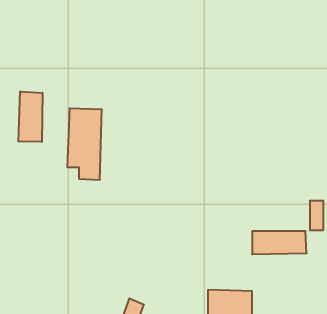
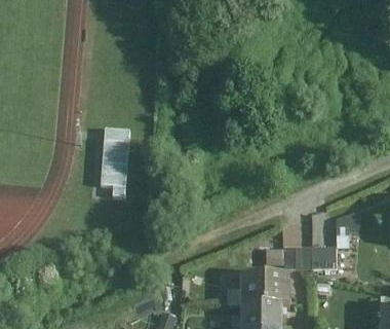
building: [19,91,42,142] -> none
building: none -> [238,272,288,302]

